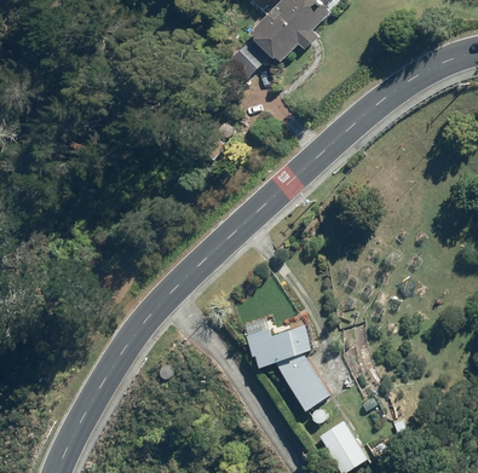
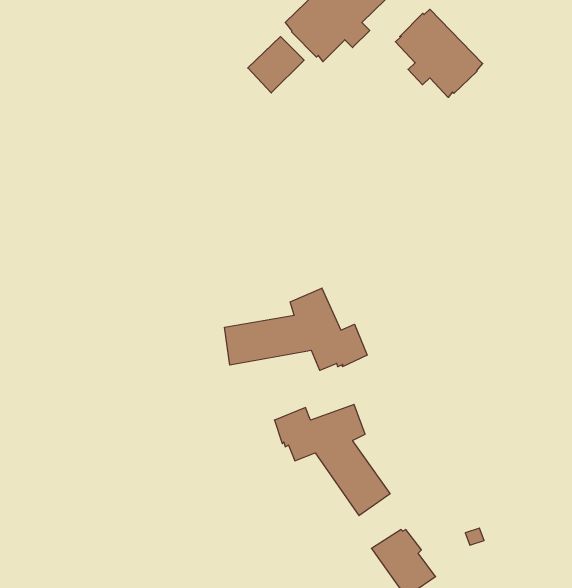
building: none -> [395,9,483,97]
building: none -> [225,288,367,370]

